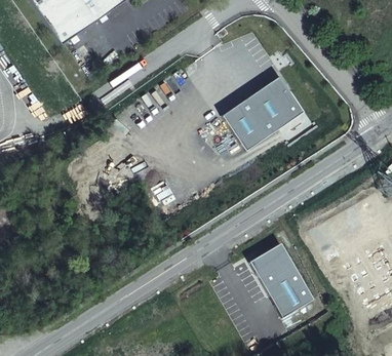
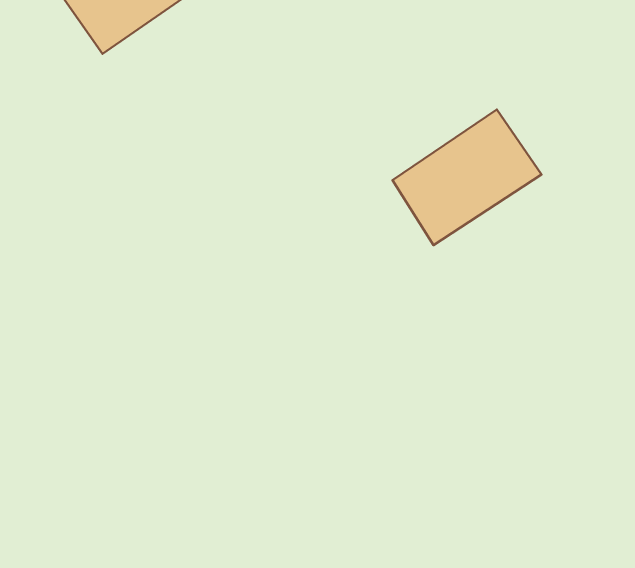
building: [250,243,314,317] -> none

